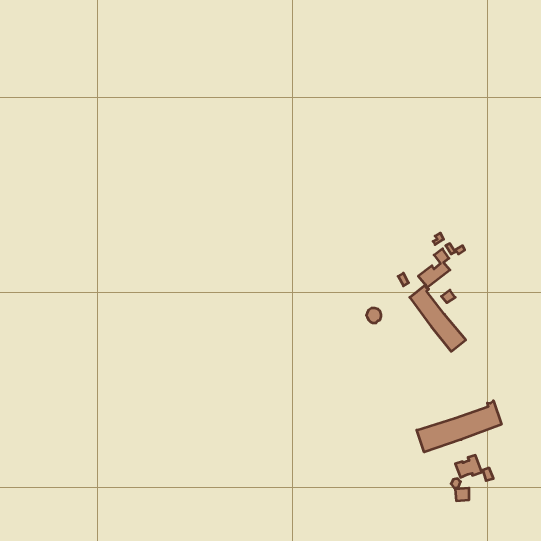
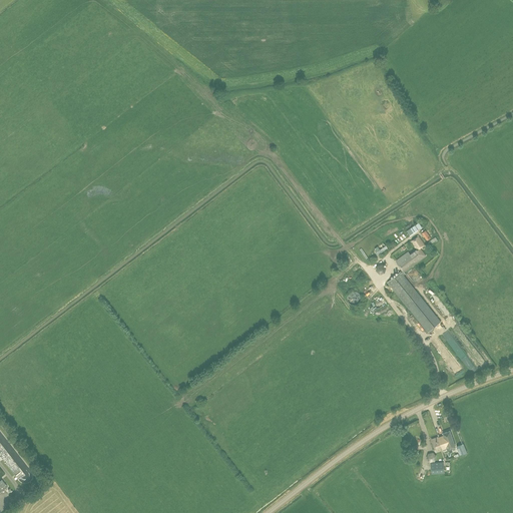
building: [417,401,501,452] -> none

